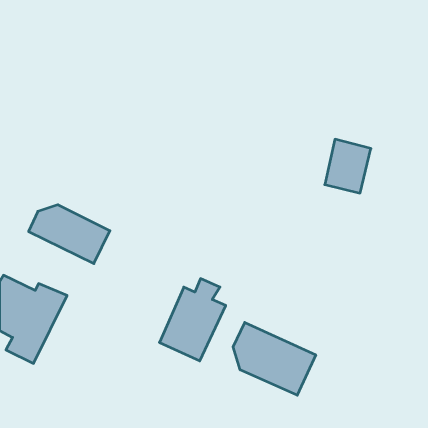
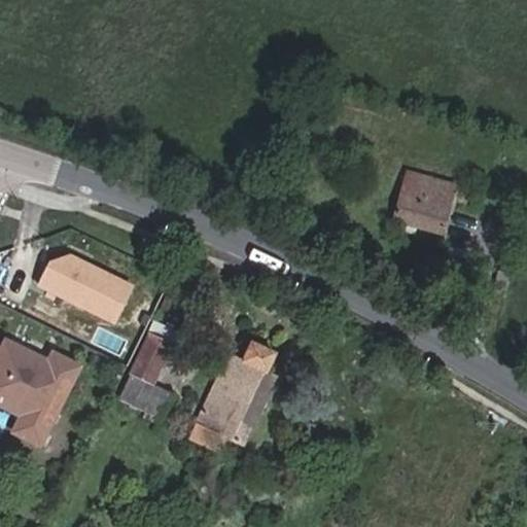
building: none -> [118,330,170,414]
building: [233,322,316,395] -> none

